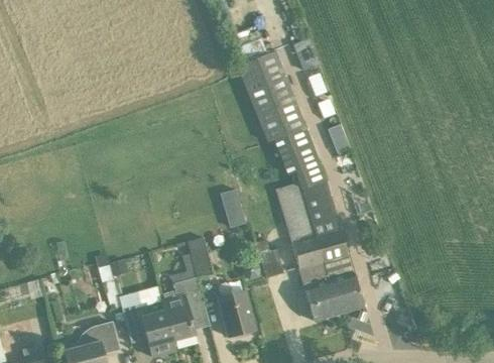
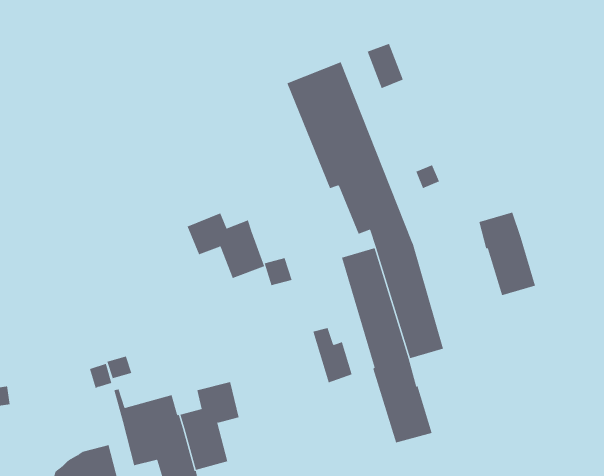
building: none -> [187,213,265,279]
building: [188,238,213,278] -> none
building: [324,255,364,315] -> [479,212,536,296]
building: [218,291,256,337] -> none

